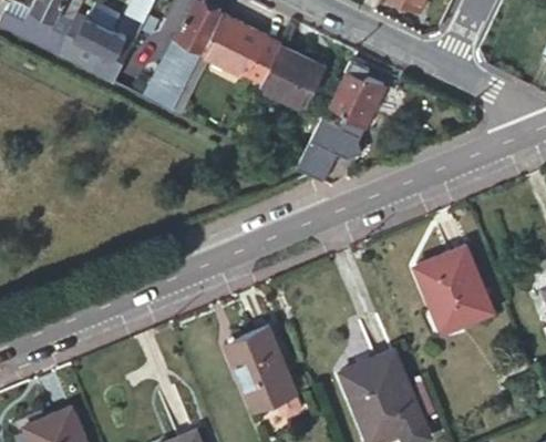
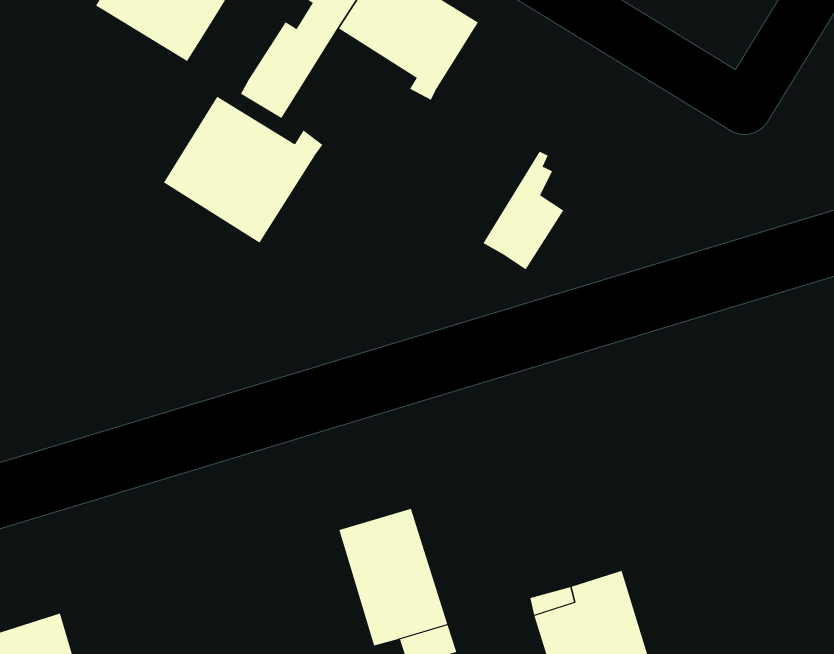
building: [260,45,323,106] -> none
building: [329,61,387,136] -> none
building: none -> [163,96,323,243]
building: [415,246,492,333] -> none

